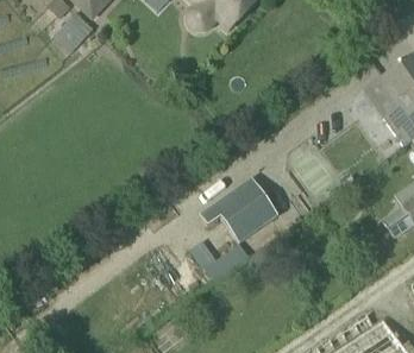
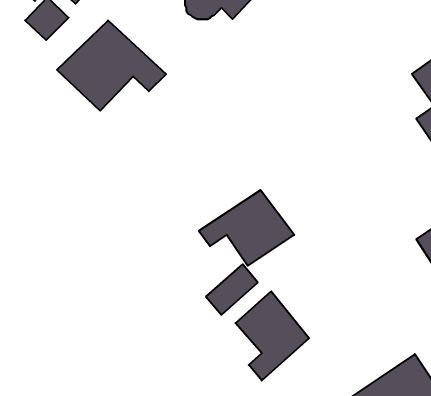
building: none -> [57,20,166,111]
building: none -> [235,291,309,381]

